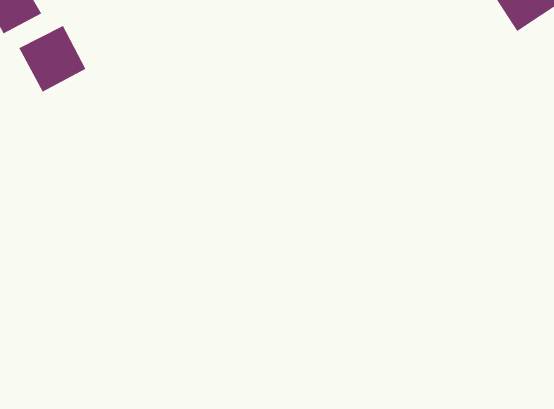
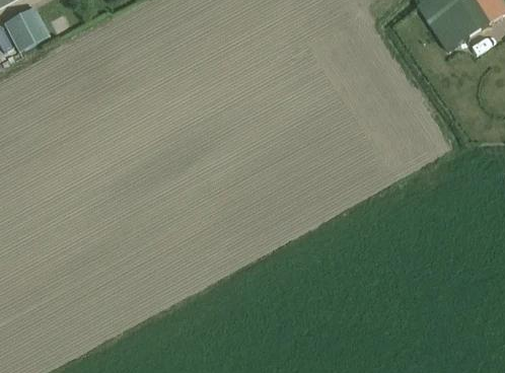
building: [18,25,86,92] -> none

